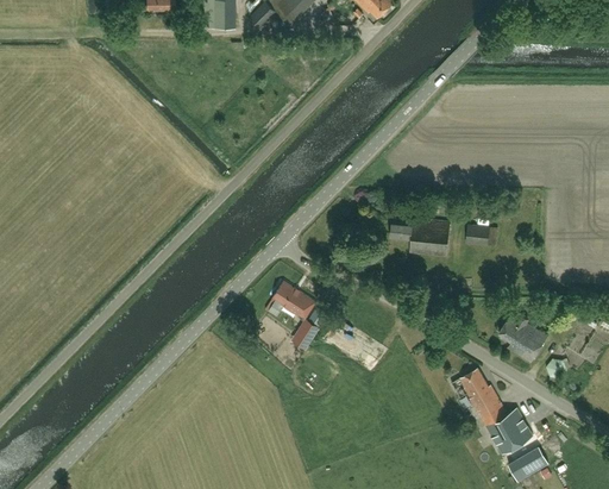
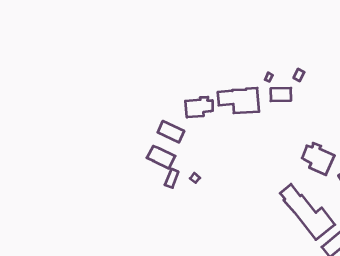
building: none -> [185,97,213,117]
building: none -> [158,121,184,142]

